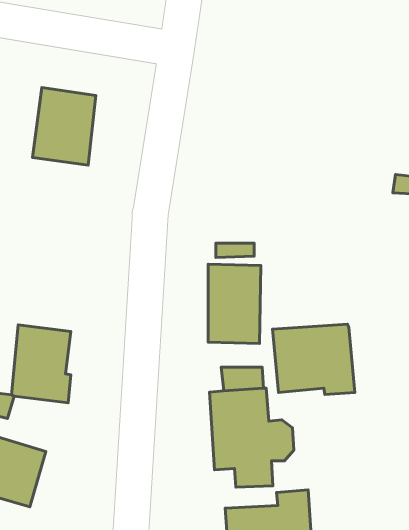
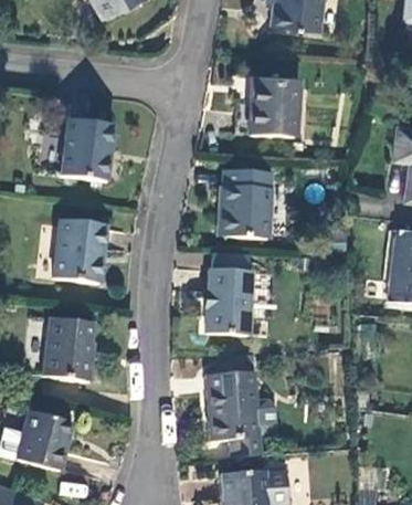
building: none -> [250,74,299,137]
building: none -> [222,168,273,236]
building: none -> [52,220,106,283]
building: [273,324,355,395] -> none

